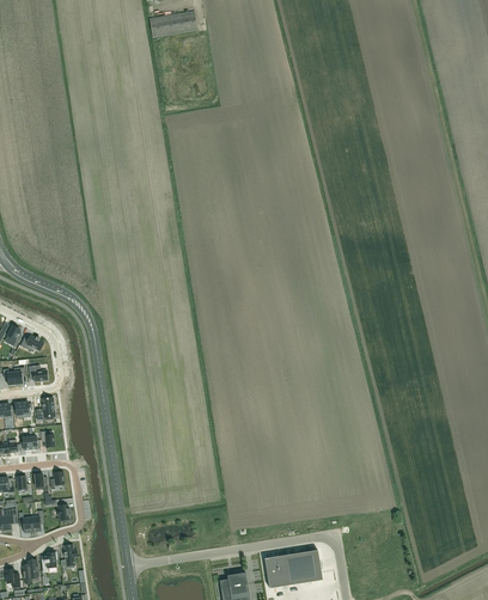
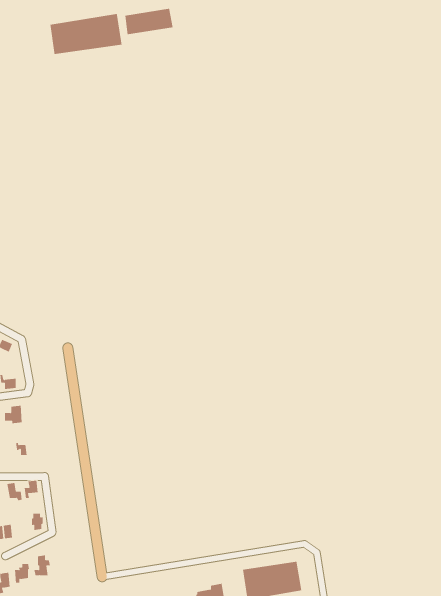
building: none -> [50,13,122,55]

